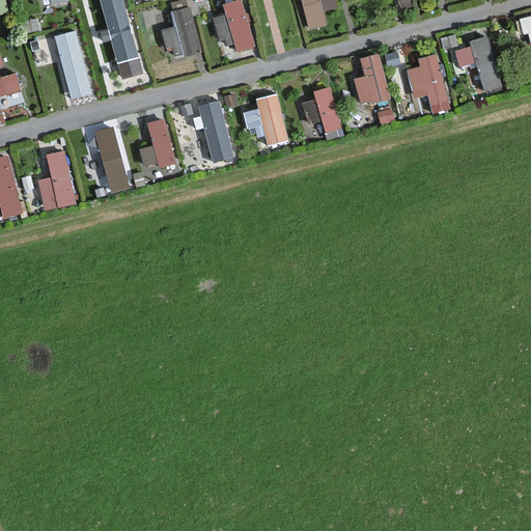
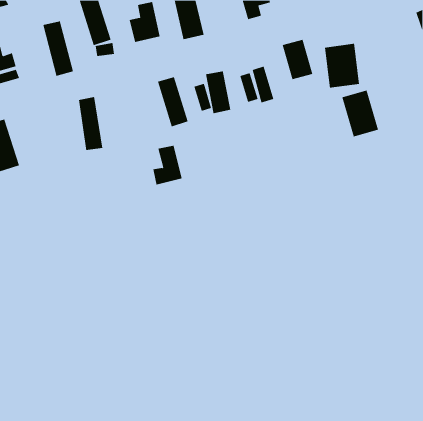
building: [455,37,502,96] -> [341,90,379,137]
building: [139,118,176,168] -> [152,145,182,185]
building: [34,149,78,213] -> none

